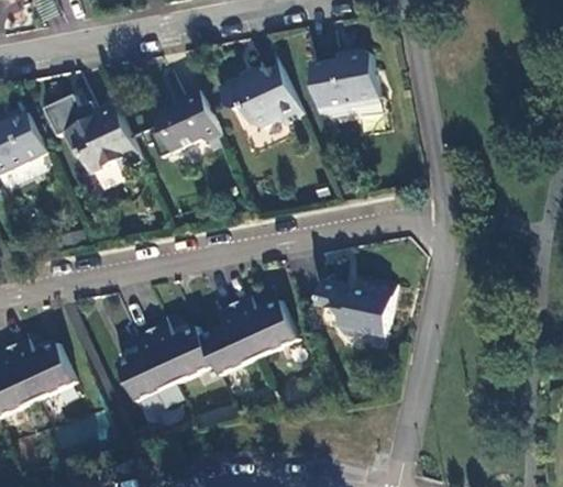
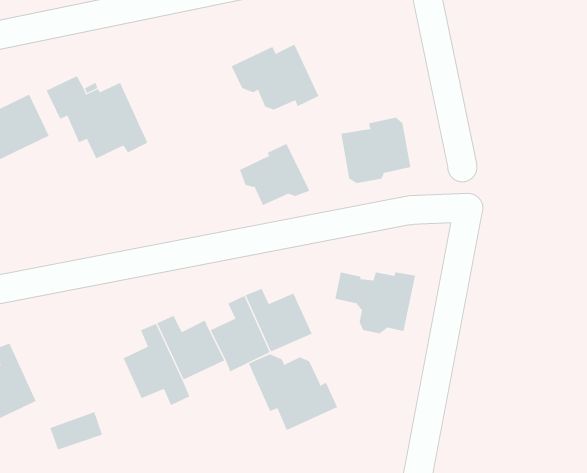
building: [311,49,378,112] -> [340,117,411,184]
building: [155,89,222,148] -> [239,143,310,206]
building: [10,340,74,401] -> none
building: none -> [248,353,338,431]

